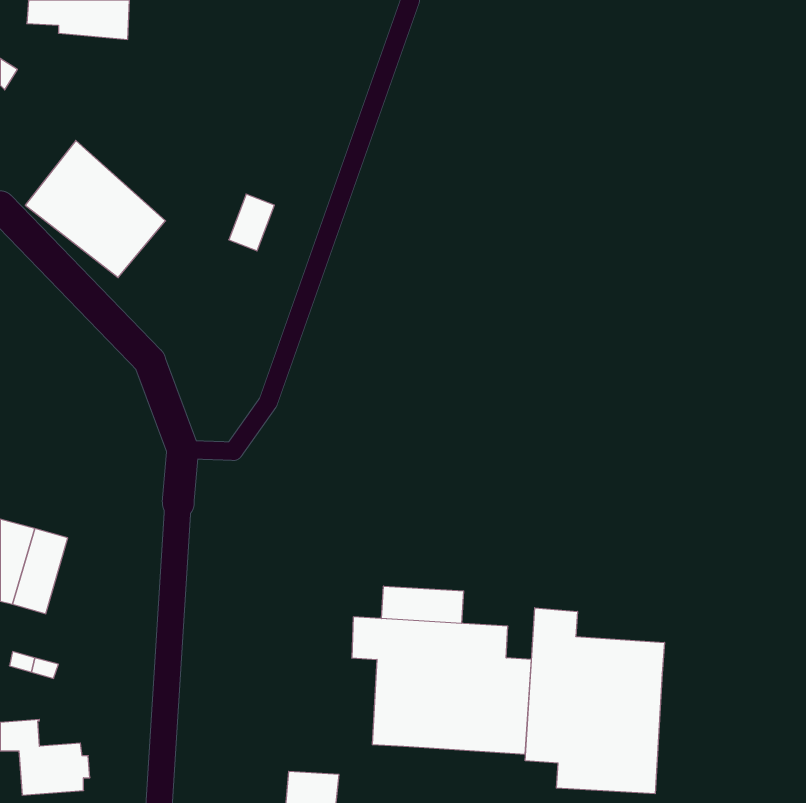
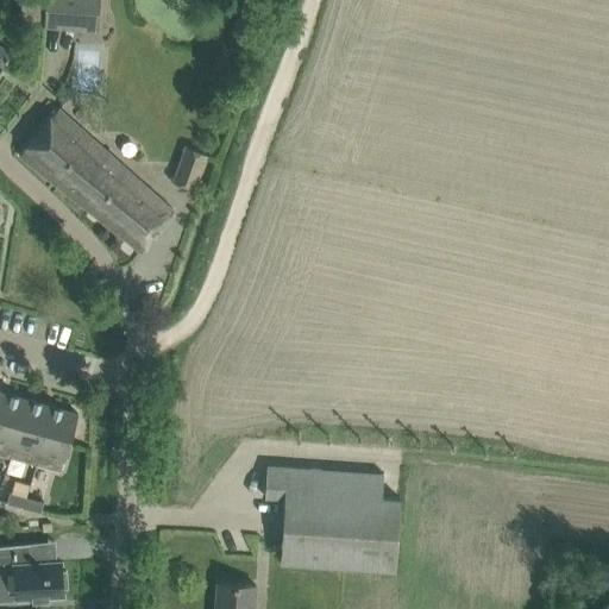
building: none -> [89,169,174,253]
building: none -> [34,408,77,472]
building: [381,586,464,623] -> none
building: [525,608,664,794] -> none

